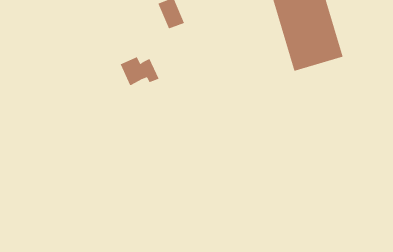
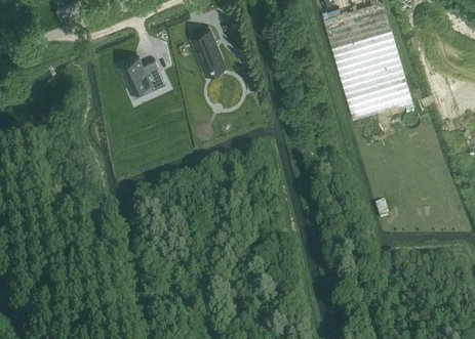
building: [120,56,159,86] -> [119,59,166,94]

